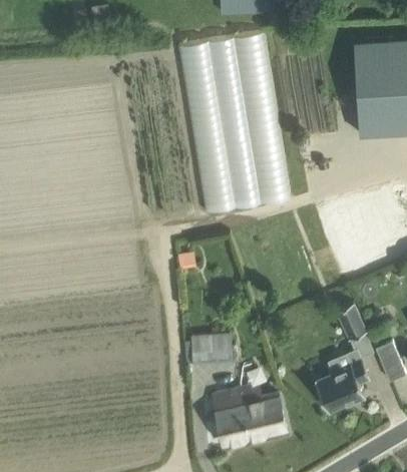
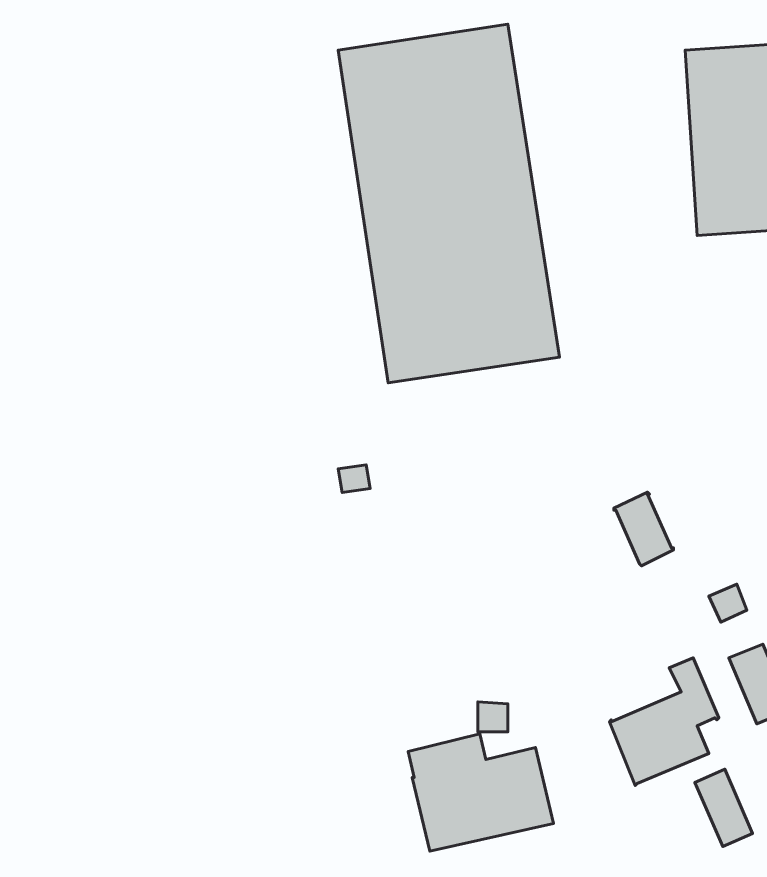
building: [337,306,367,343] -> [614,492,674,566]
building: [191,337,232,365] -> none
building: none -> [695,769,752,847]

